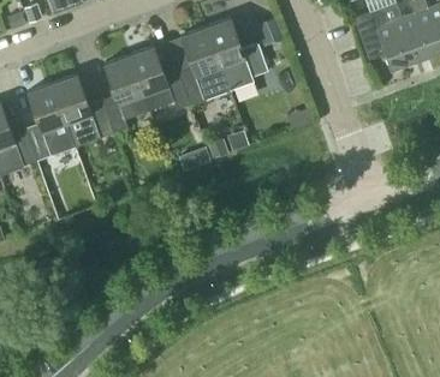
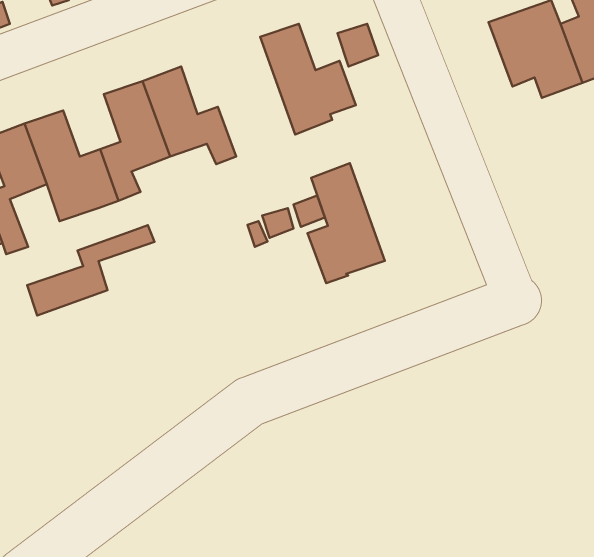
building: [178,26,228,104] -> [308,163,385,283]
building: none -> [27,225,154,316]

